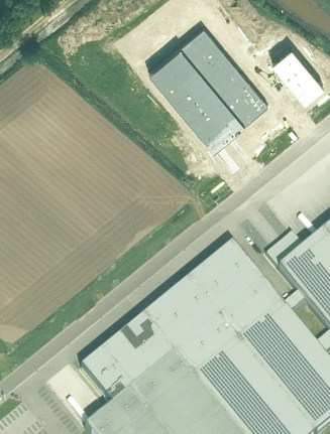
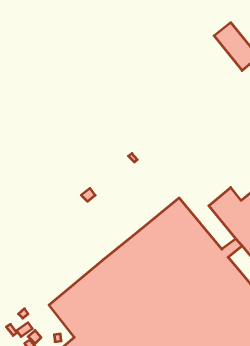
building: [147,24,266,147] -> none

